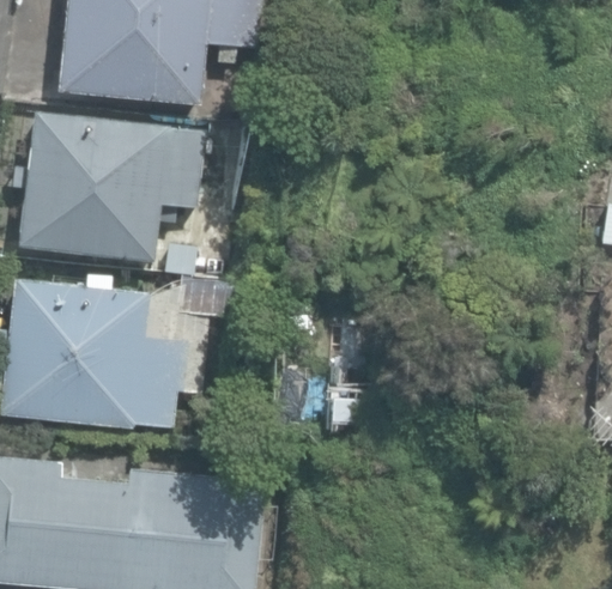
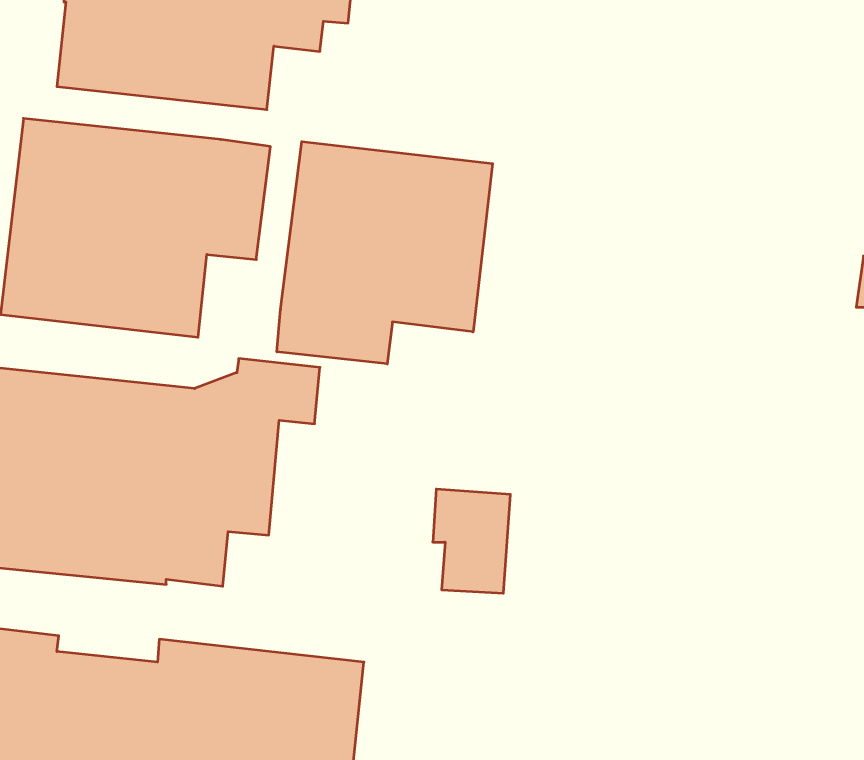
building: none -> [277,142,493,364]

